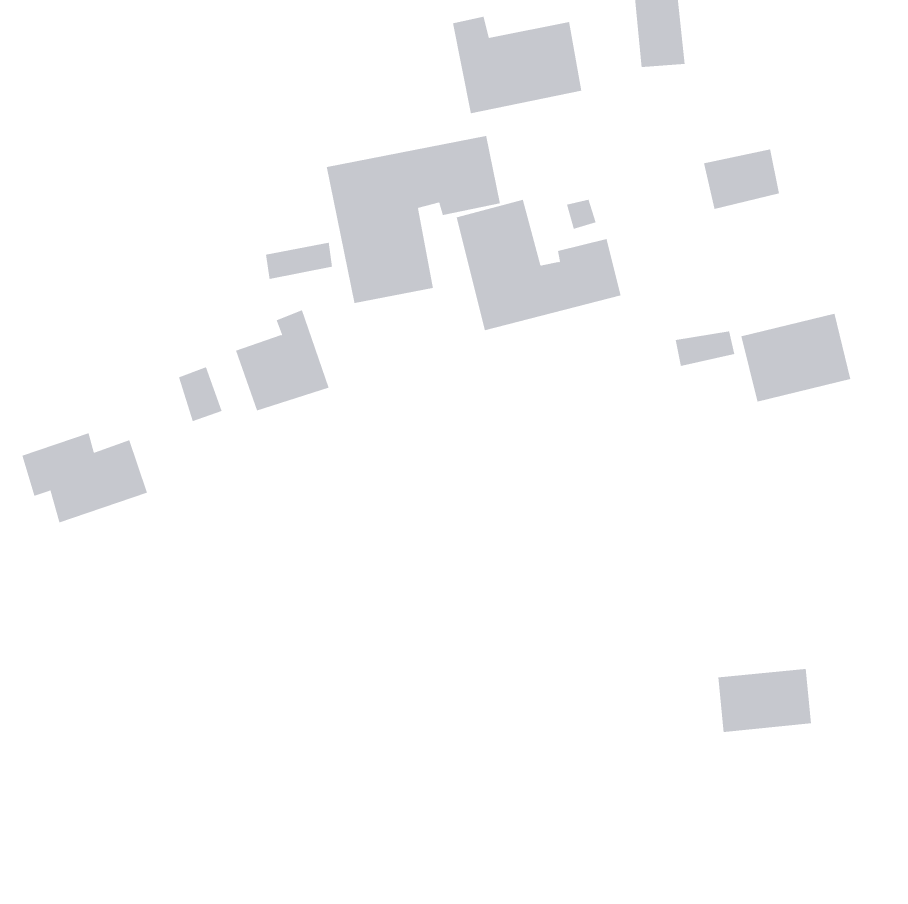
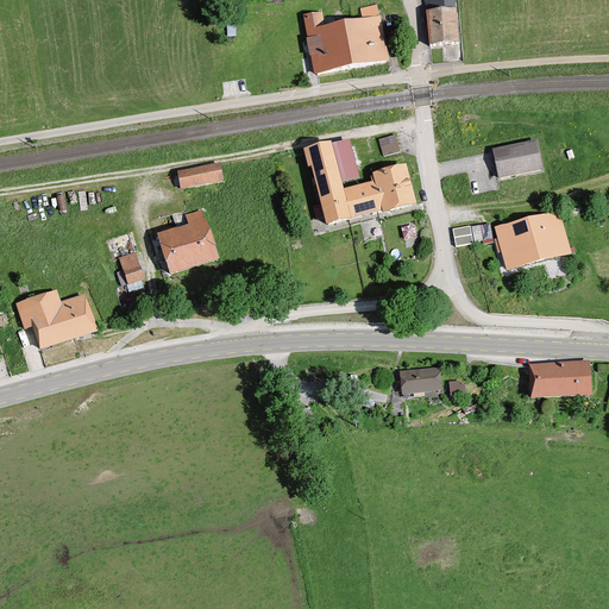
building: [326,135,501,304] -> none
building: [703,149,780,209] -> [490,137,541,177]
building: none -> [398,365,444,396]
building: [718,668,812,732] -> [530,359,594,402]

